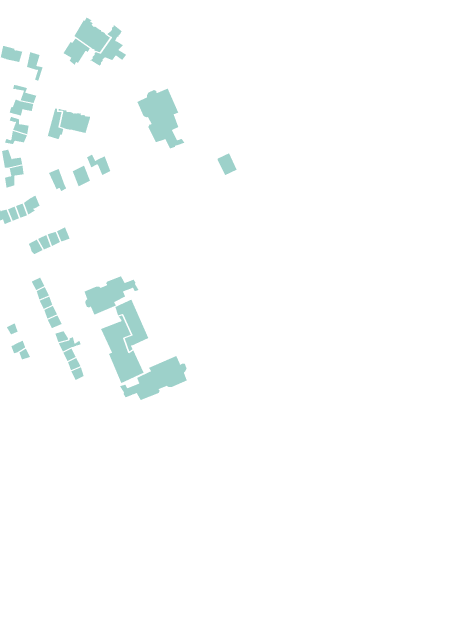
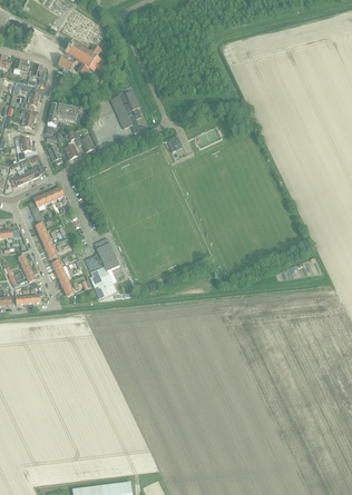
building: [84,276,139,316] -> none
building: [119,355,187,401] -> none

